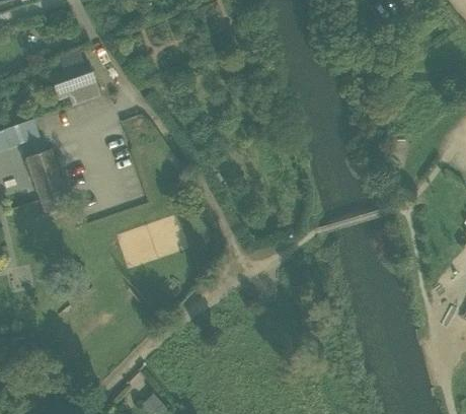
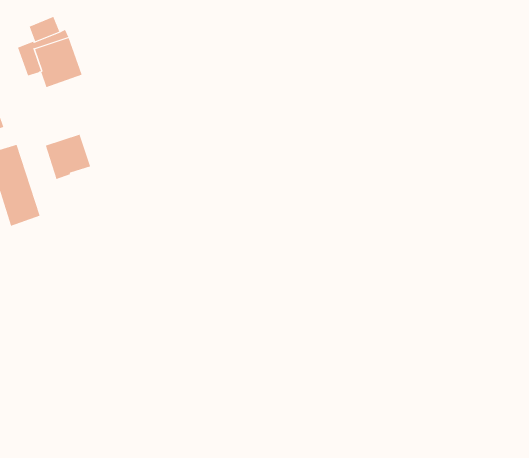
building: none -> [45,134,91,180]

